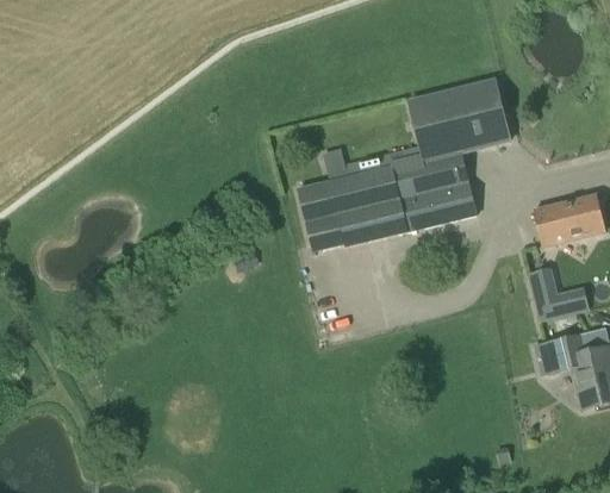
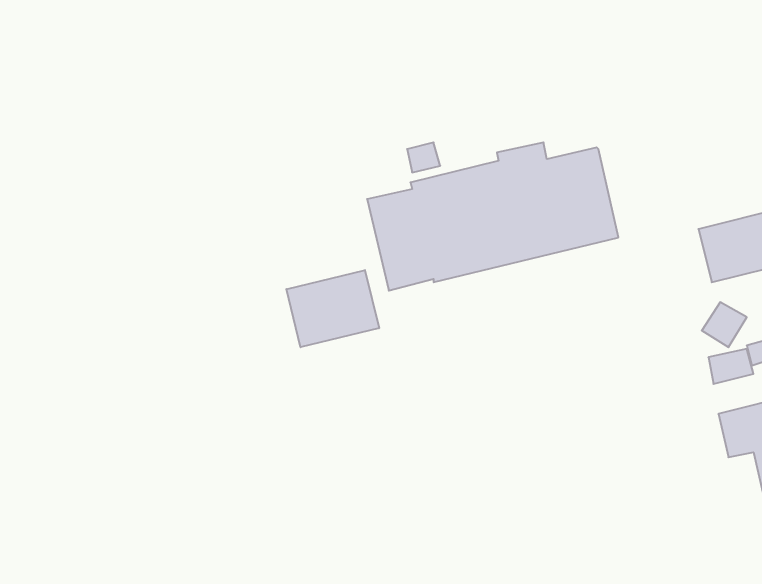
building: [411,81,506,158] -> none
building: none -> [286,270,379,347]

